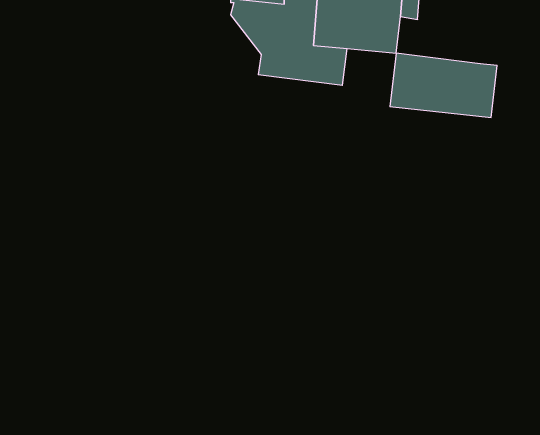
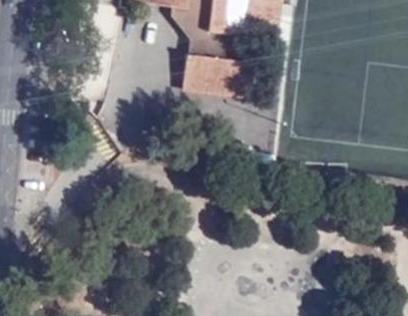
building: [390,53,497,117] -> [182,55,253,97]

